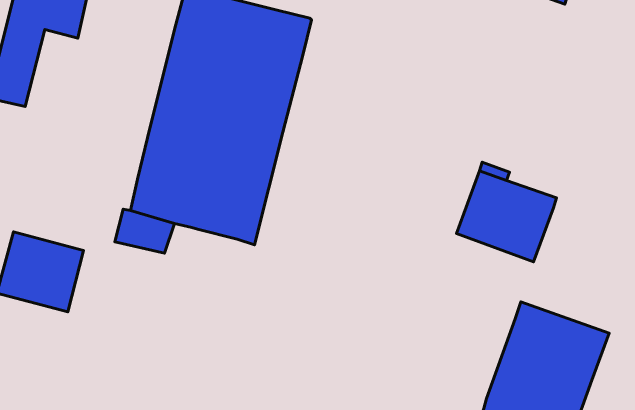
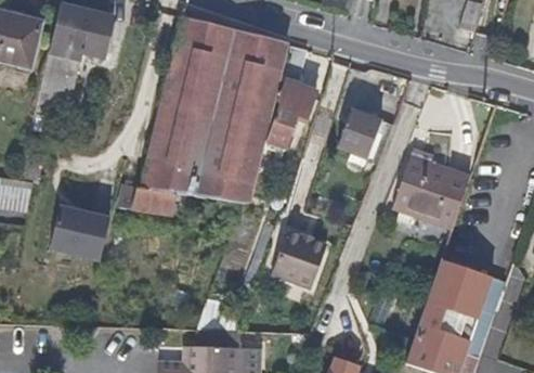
building: none -> [263,43,314,145]
building: none -> [334,106,392,163]
building: none -> [273,230,328,287]

